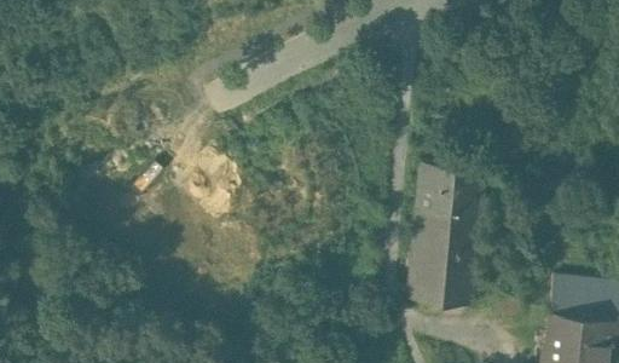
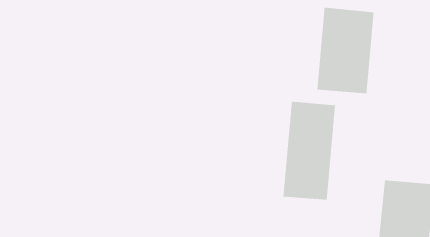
building: none -> [317,7,374,94]

